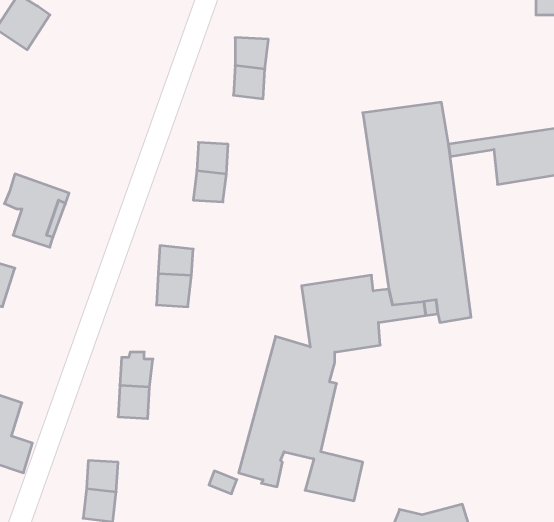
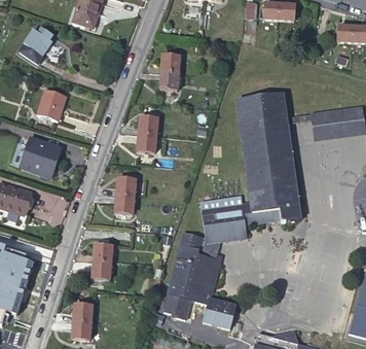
building: none -> [37,89,66,120]

